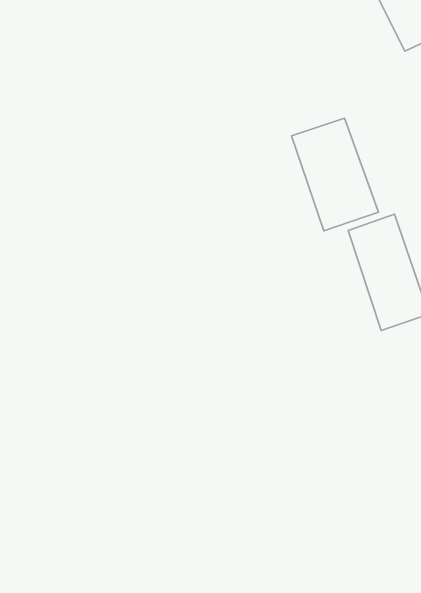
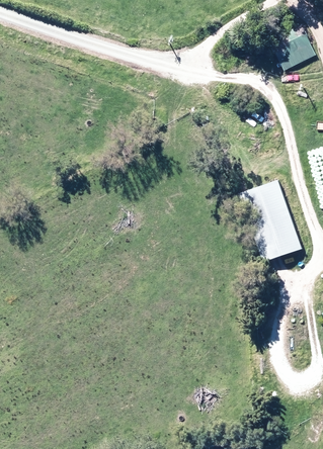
building: [291,118,379,231] -> none

